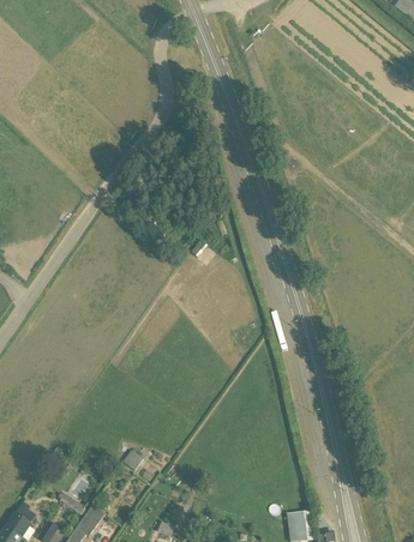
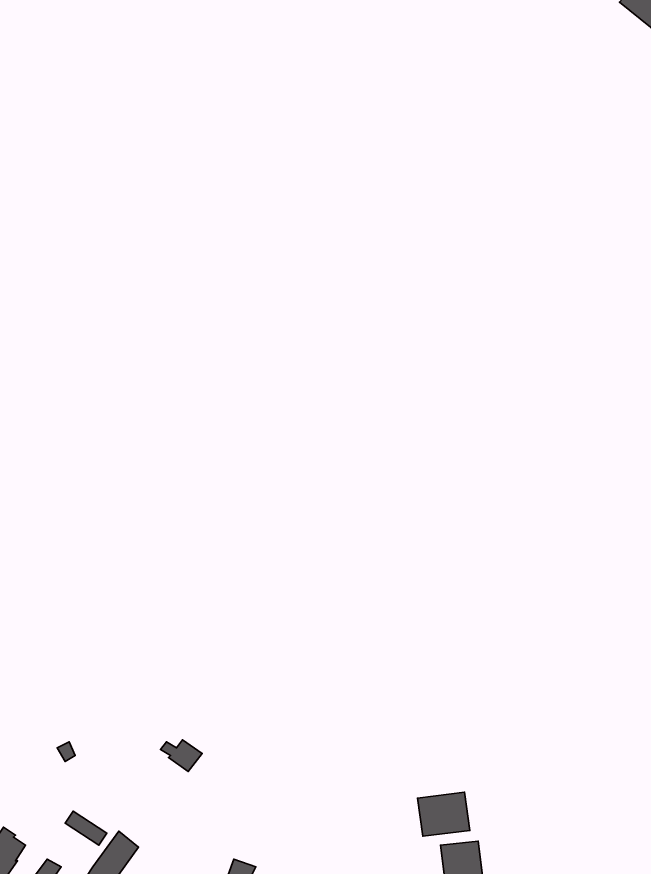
building: none -> [417,792,470,836]

